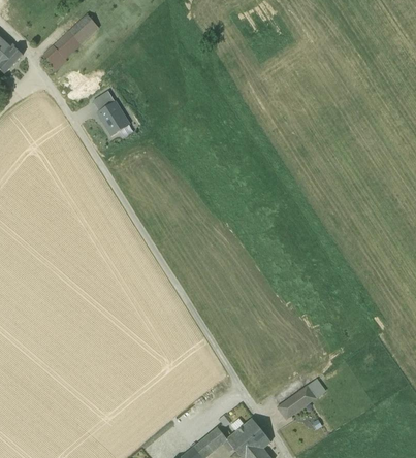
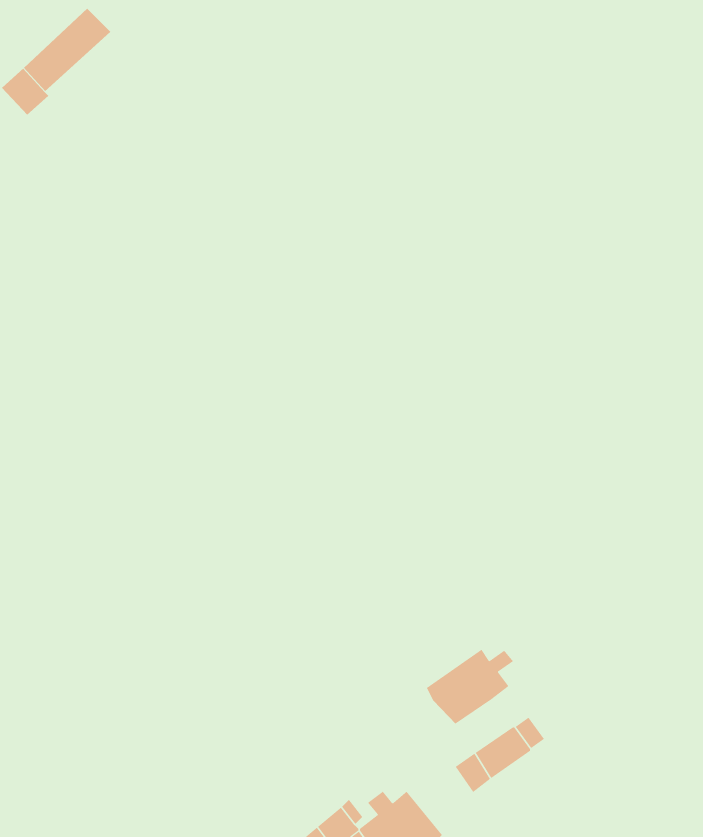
building: [92,89,131,137] -> none
building: none -> [426,649,514,725]

